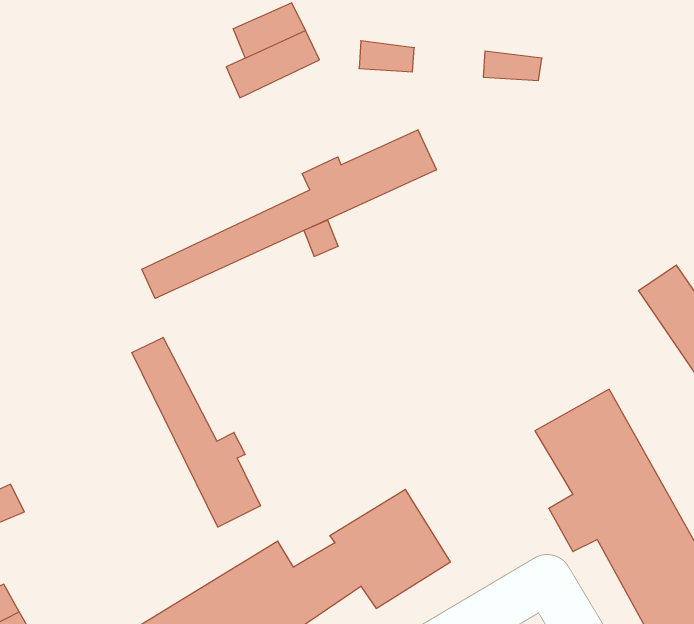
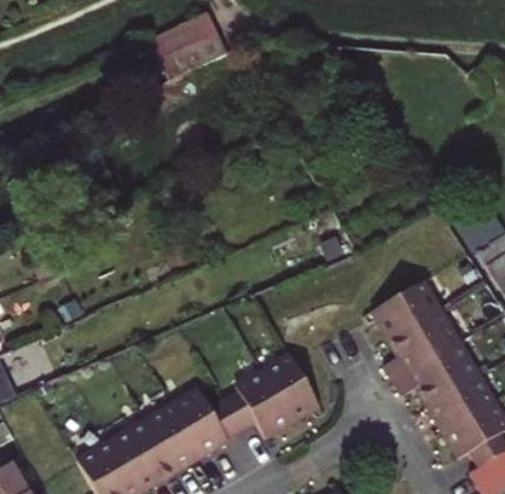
building: [142,130,436,298] -> none
building: [132,337,260,527] -> none

